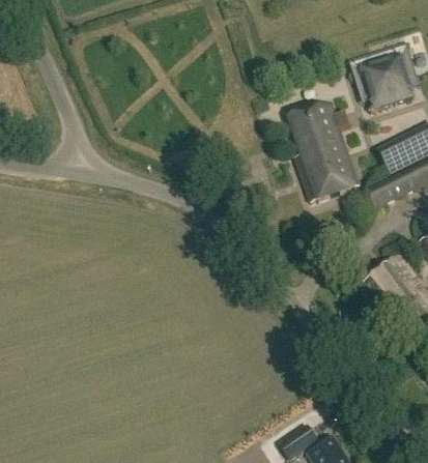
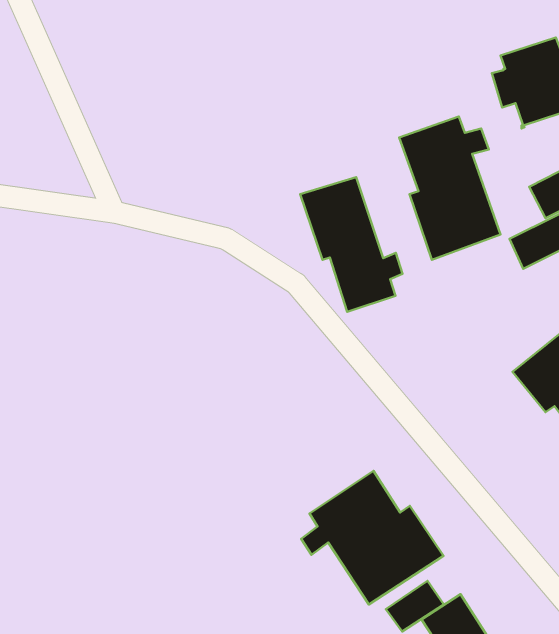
building: none -> [300,177,403,312]
building: none -> [301,471,444,605]

